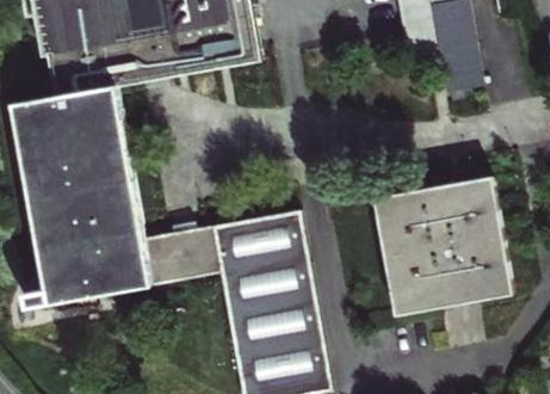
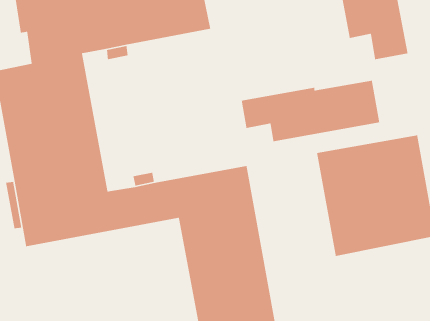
building: none -> [241,80,380,142]

